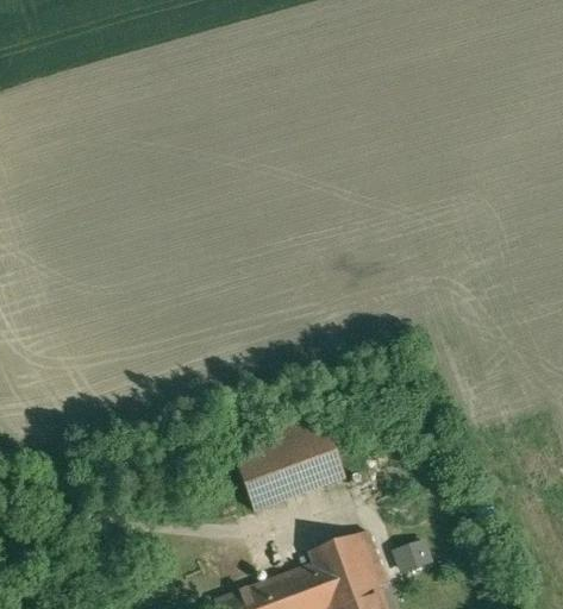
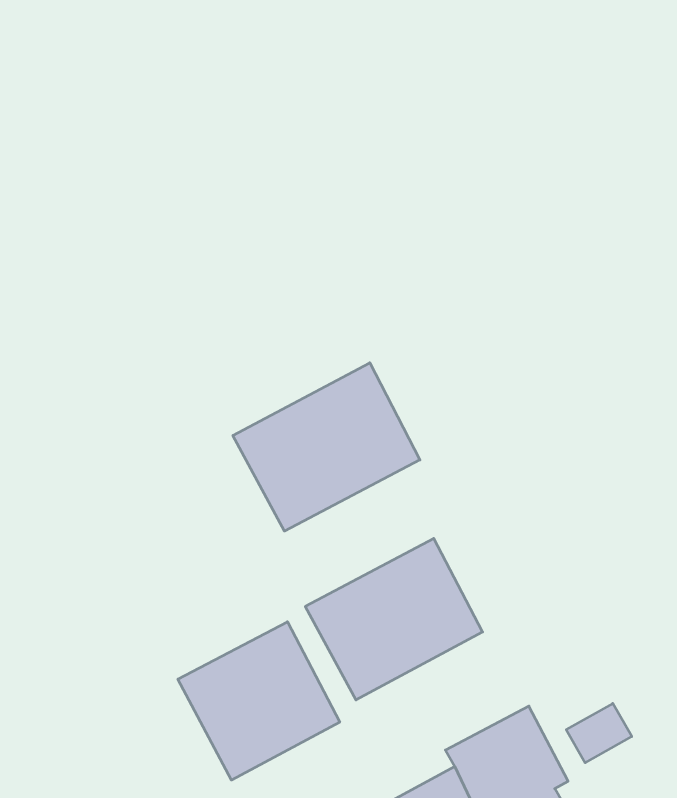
building: none -> [233,363,420,531]
building: none -> [178,622,340,780]

